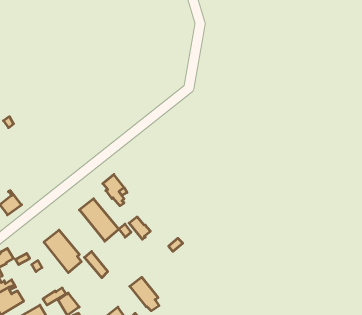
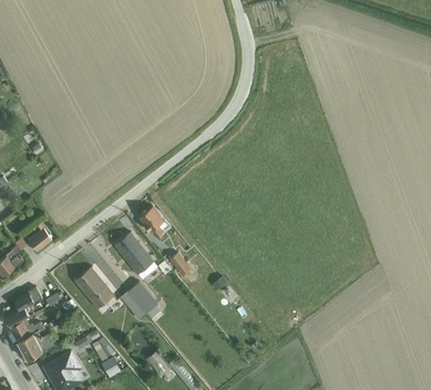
building: [130,277,159,311] -> [127,281,160,318]

